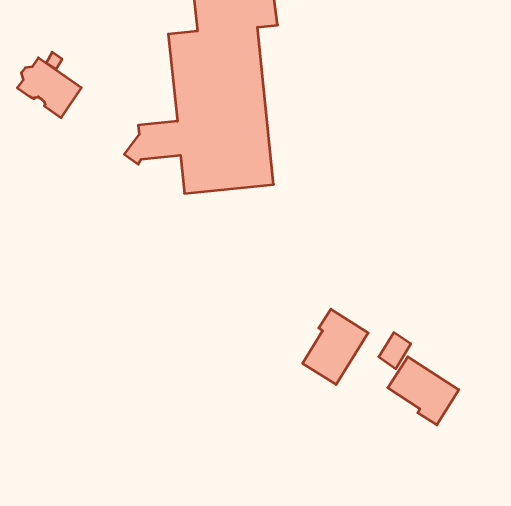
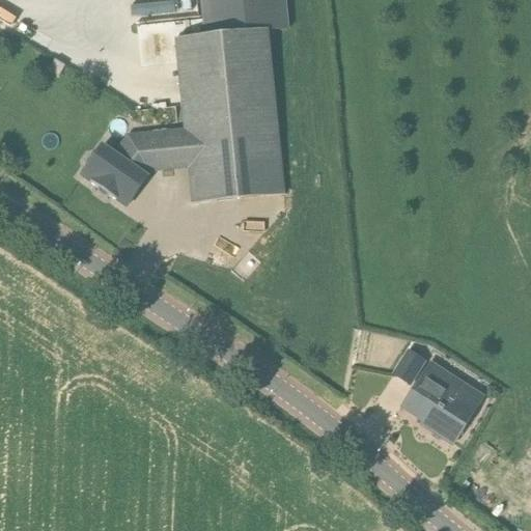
building: [17,58,81,118] -> [81,141,147,203]
building: [303,309,368,385] -> none

